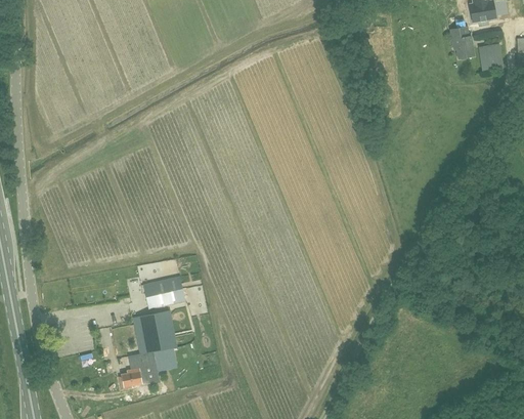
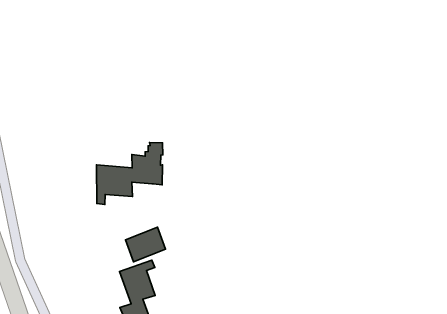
building: none -> [97,142,163,204]

